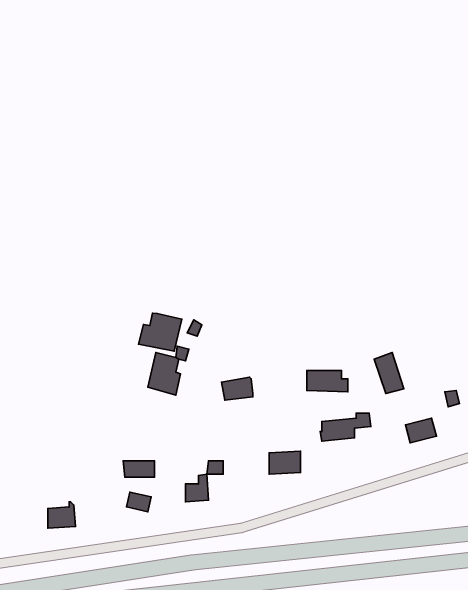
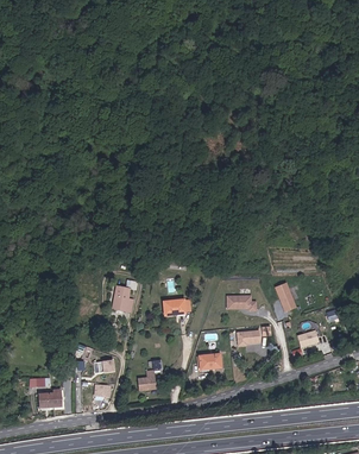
building: [139,313,182,351] -> none

